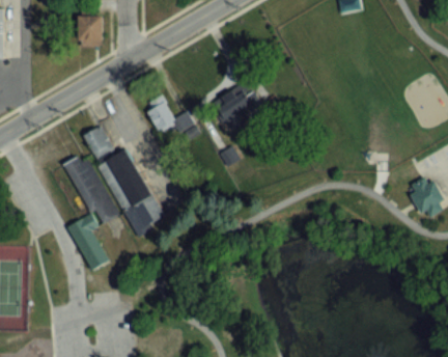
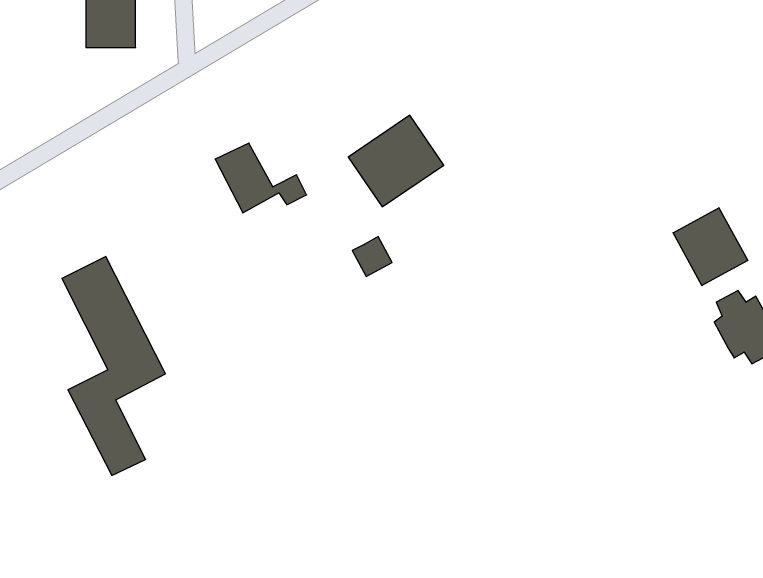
building: [86,127,166,237] -> none
building: none -> [673,208,748,286]

